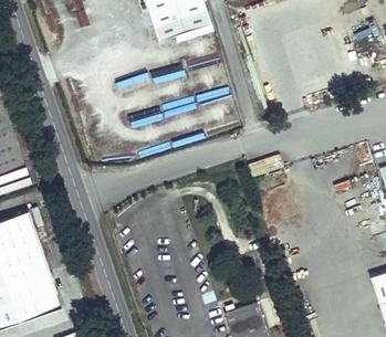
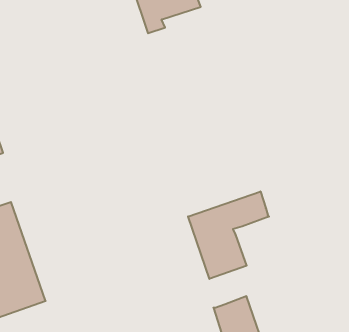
building: none -> [188,191,269,279]

